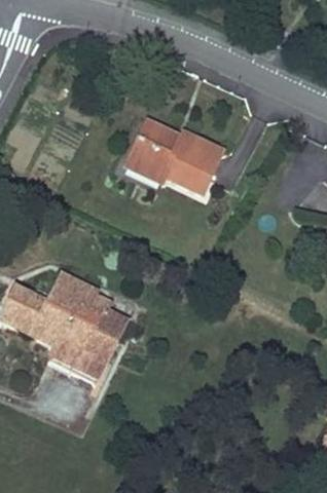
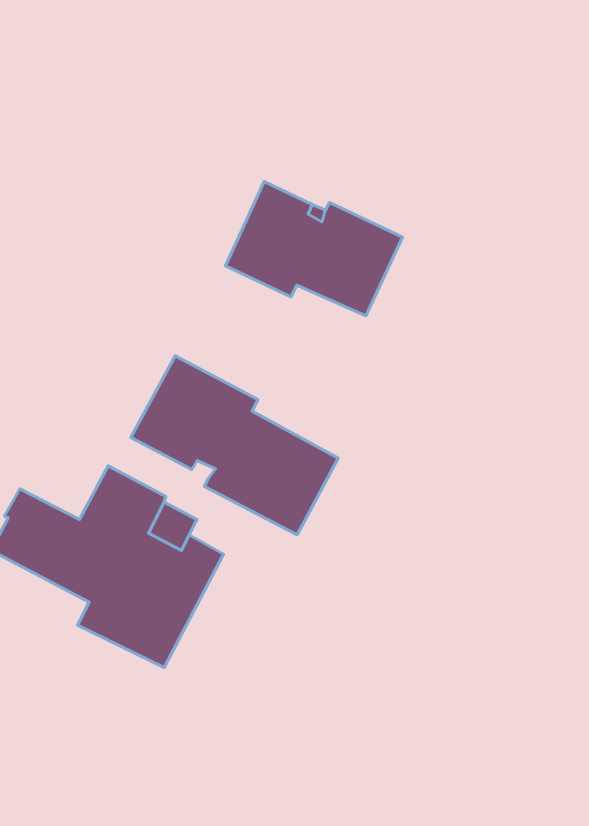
building: none -> [131,356,338,535]

